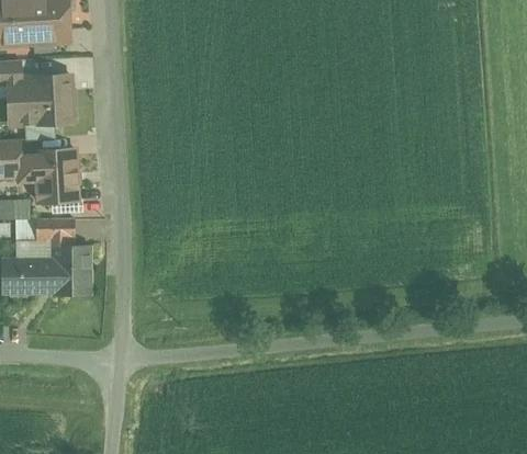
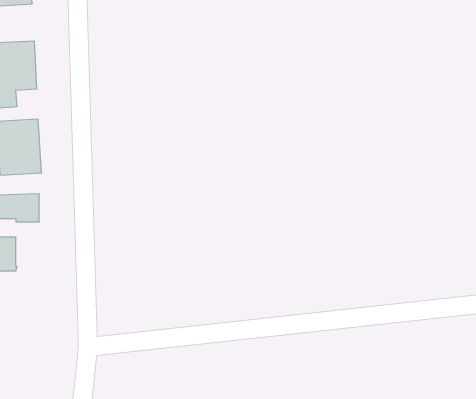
building: [53,246,90,287] -> none

